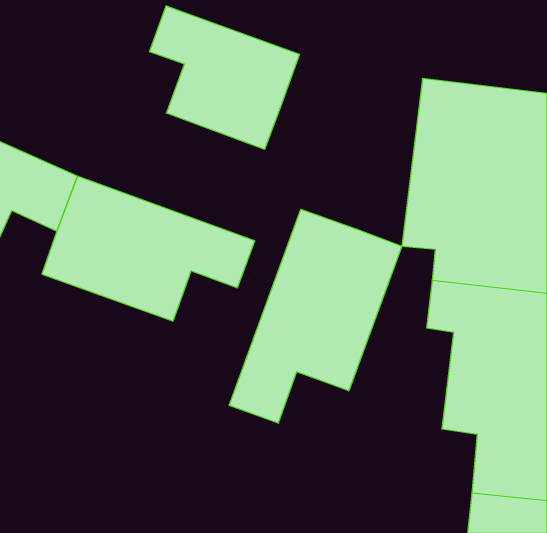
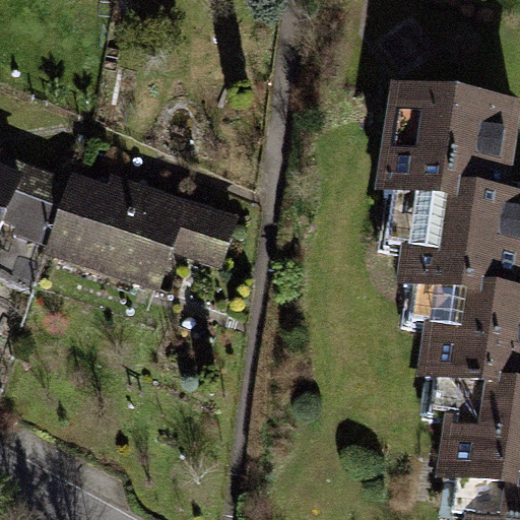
building: [150,6,299,149] -> none
building: [229,209,402,423] -> none

